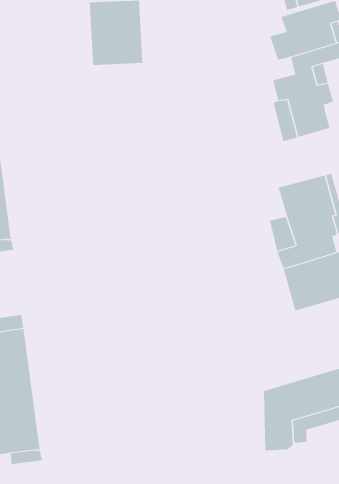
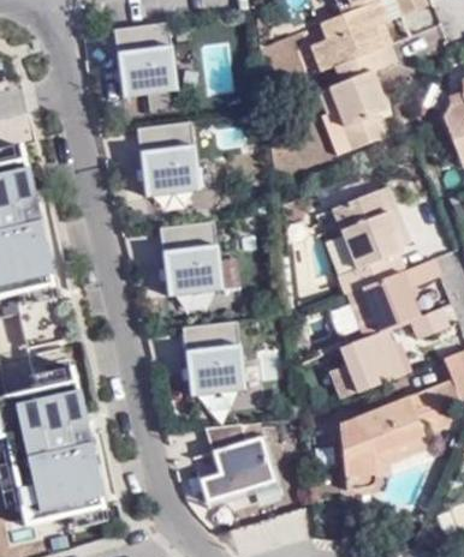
building: none -> [138,119,202,193]
building: none -> [161,218,224,293]
building: none -> [184,318,246,393]
building: none -> [333,329,403,397]
building: none -> [201,421,274,499]

